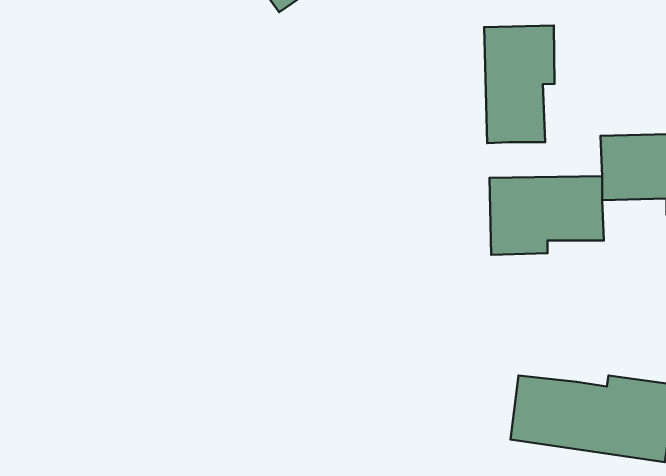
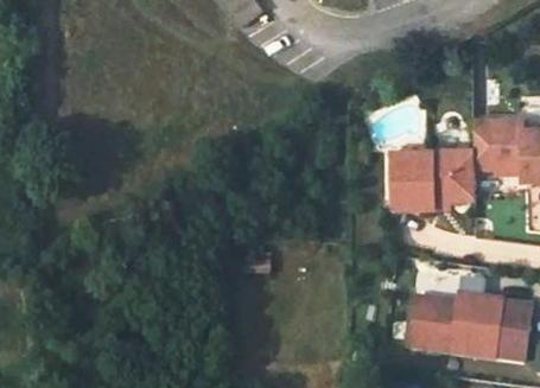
building: [484,26,555,143] -> none

